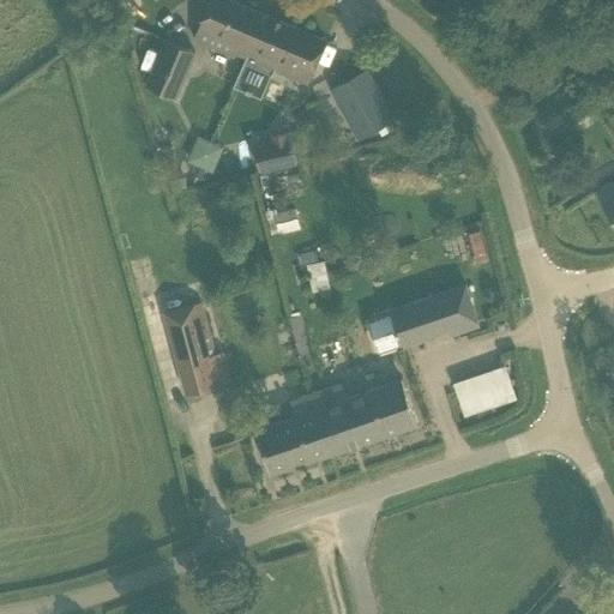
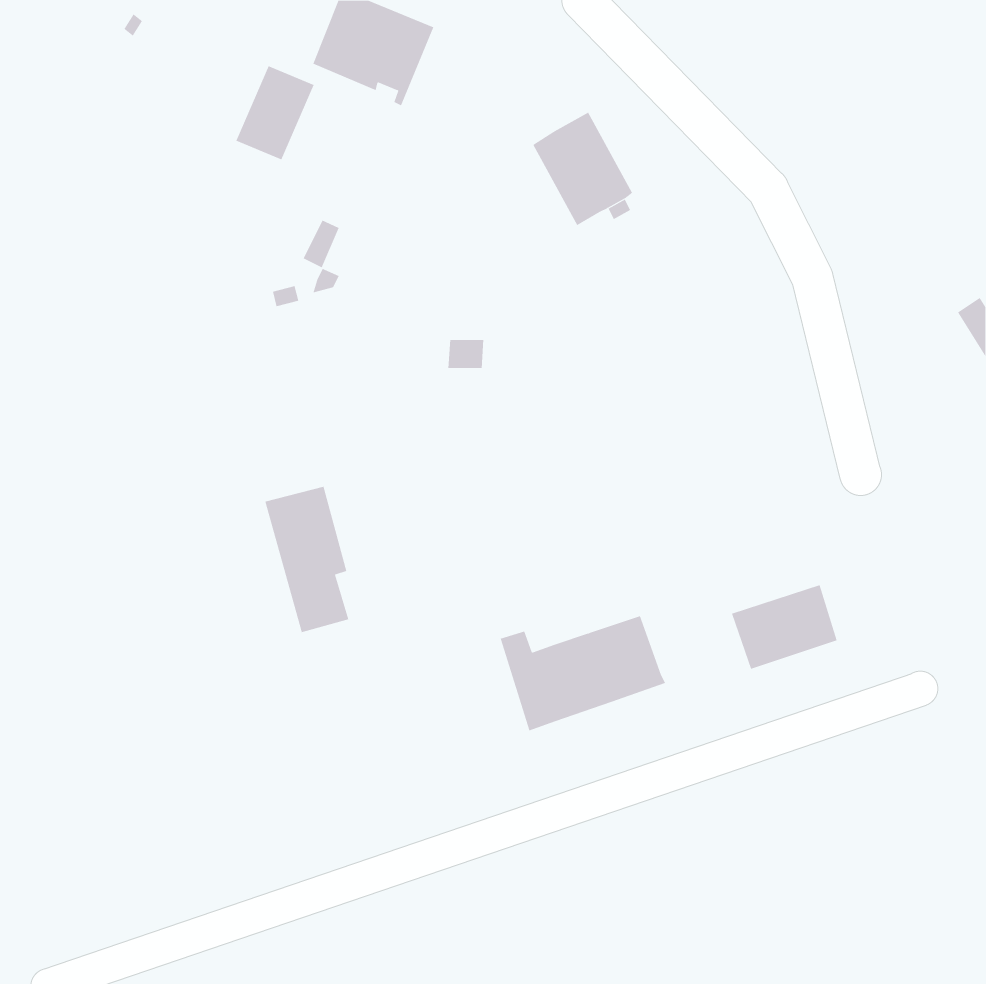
building: [249,18,325,84] -> none
building: [255,136,295,170] -> none
building: [386,288,475,351] -> none
building: [257,398,329,475] -> none

